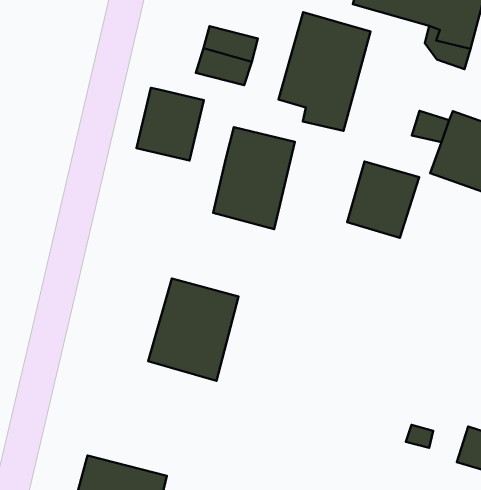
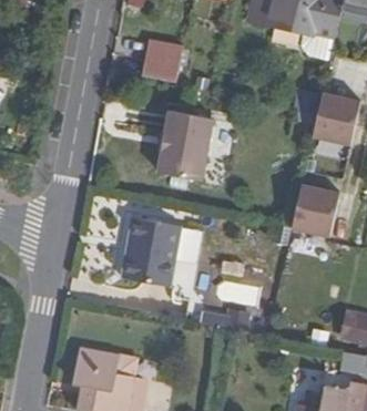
building: [278,12,371,131] -> none
building: [136,88,204,160] -> none
building: [347,162,419,238] -> [290,184,339,236]

